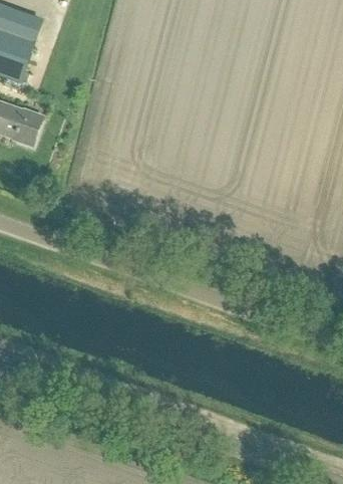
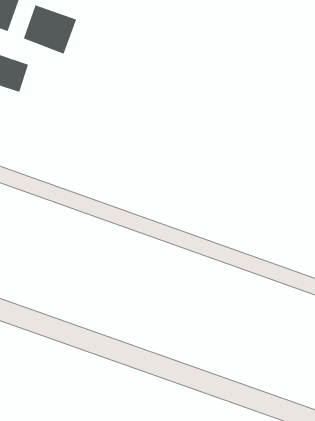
building: none -> [23,4,77,54]

